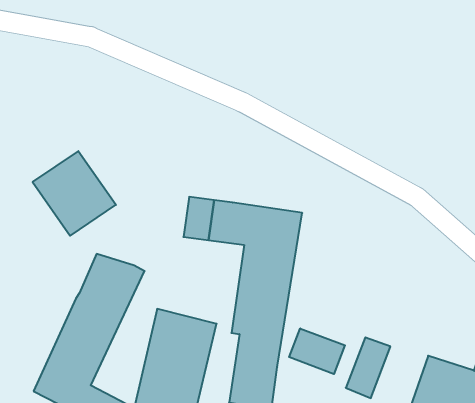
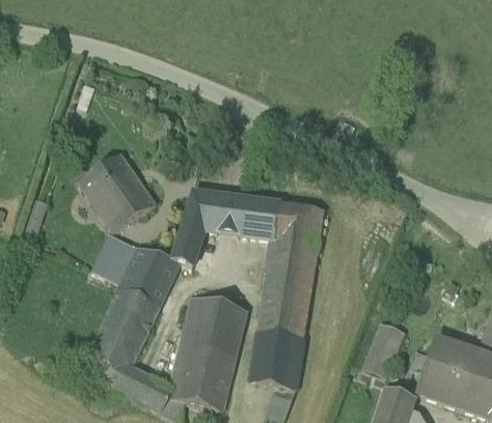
building: none -> [171,191,221,264]
building: none -> [92,231,137,281]
building: [289,328,345,374] -> none

